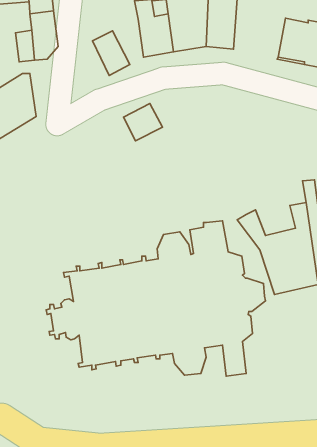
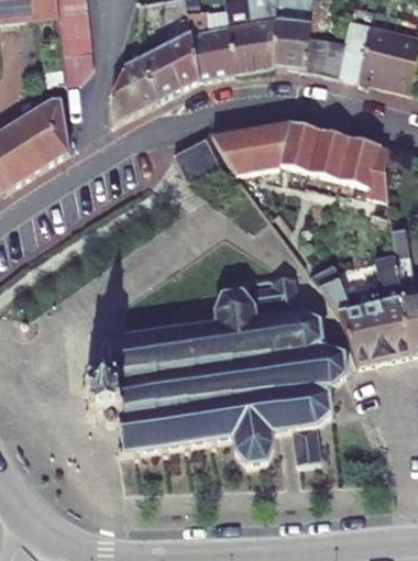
building: none -> [161,32,198,87]
building: none -> [307,35,344,74]
building: none -> [110,58,156,122]
building: none -> [212,121,389,198]

